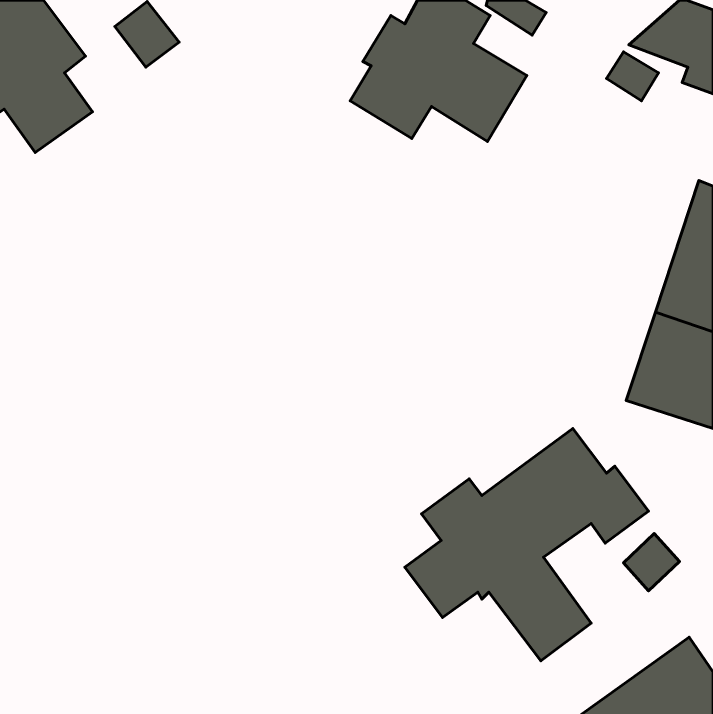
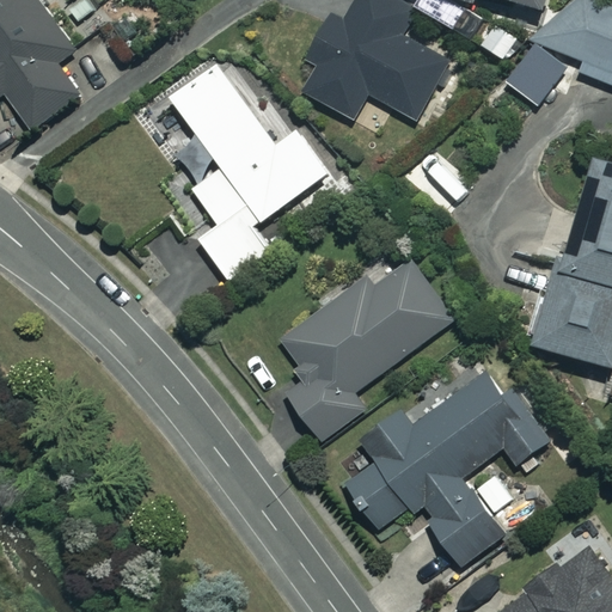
building: none -> [171,65,325,280]
building: none -> [279,261,453,439]

